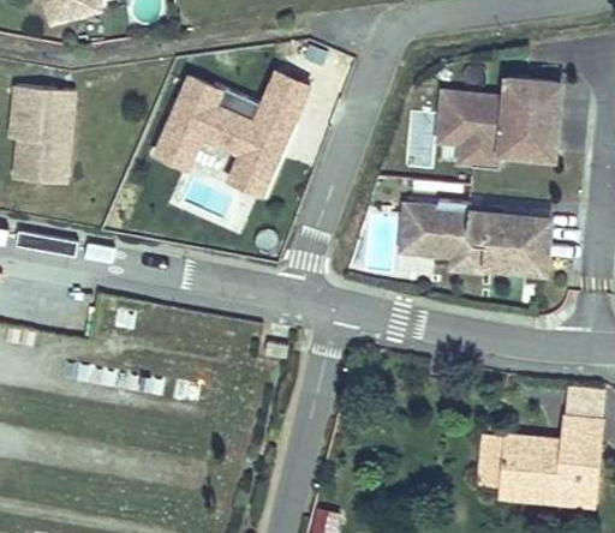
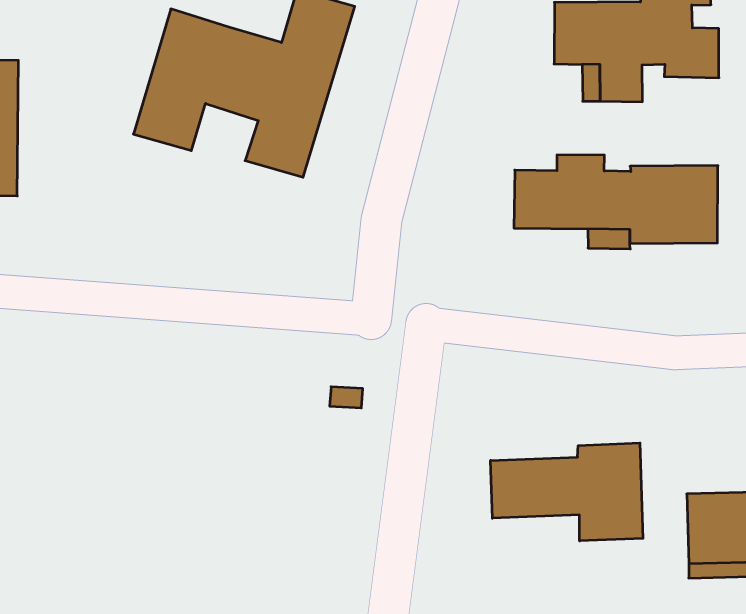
building: none -> [491,443,643,541]

